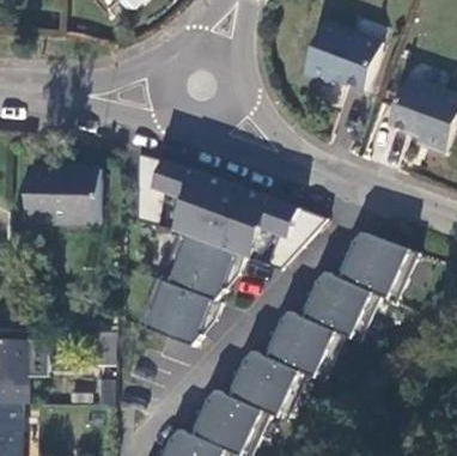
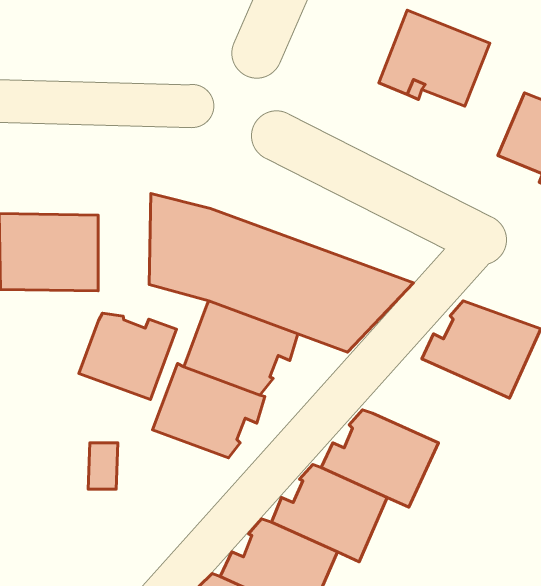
building: none -> [79,313,177,400]
building: [297,269,380,340] -> none

